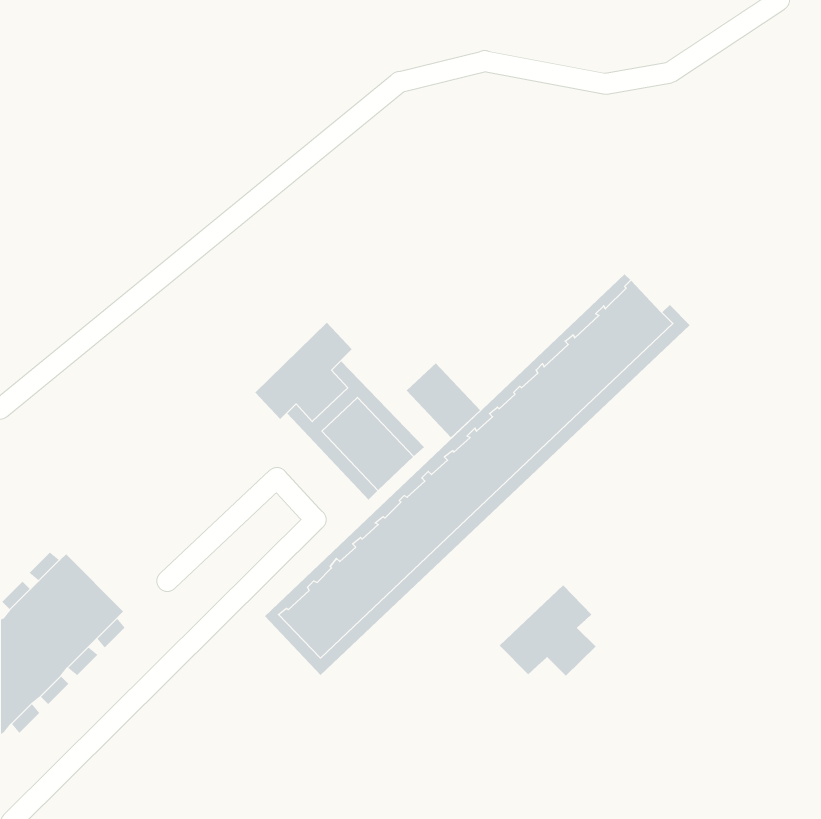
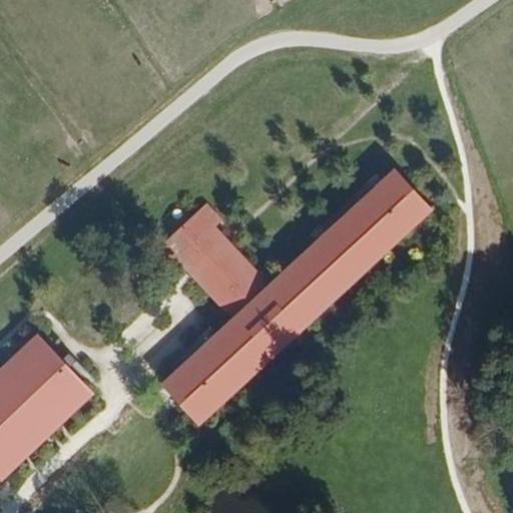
building: [406,362,481,438] -> none
building: [499,585,596,676] -> none

